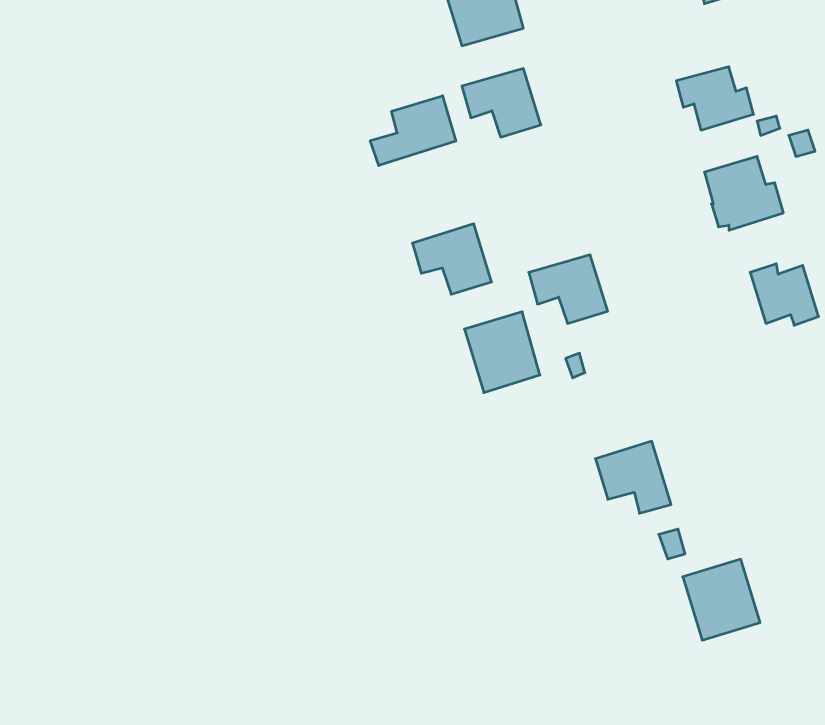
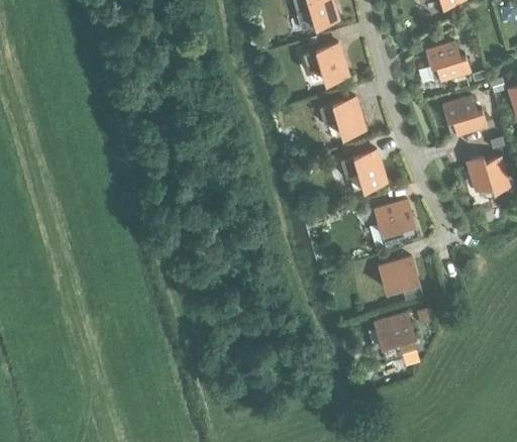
building: [370,96,456,166] -> none
building: [412,224,492,294] -> [320,98,366,138]
building: [464,312,540,393] -> [375,201,418,247]
building: [683,559,760,640] -> [375,314,419,360]

